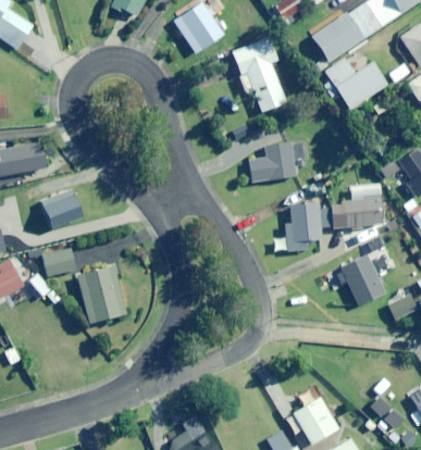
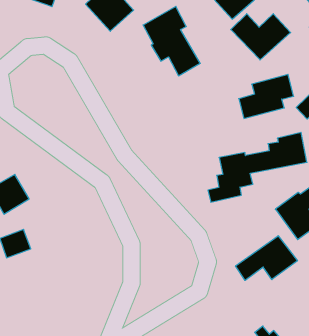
building: [250,142,309,182] -> [239,74,294,118]
building: [76,266,126,323] -> none
building: none -> [236,236,297,280]

